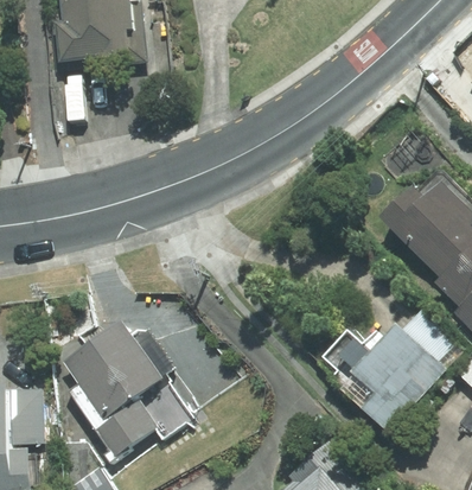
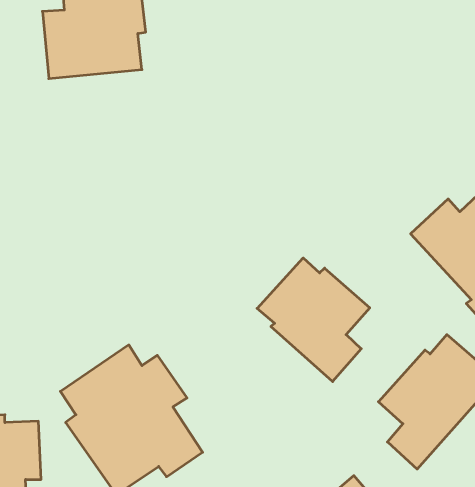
building: none -> [257,258,370,382]

